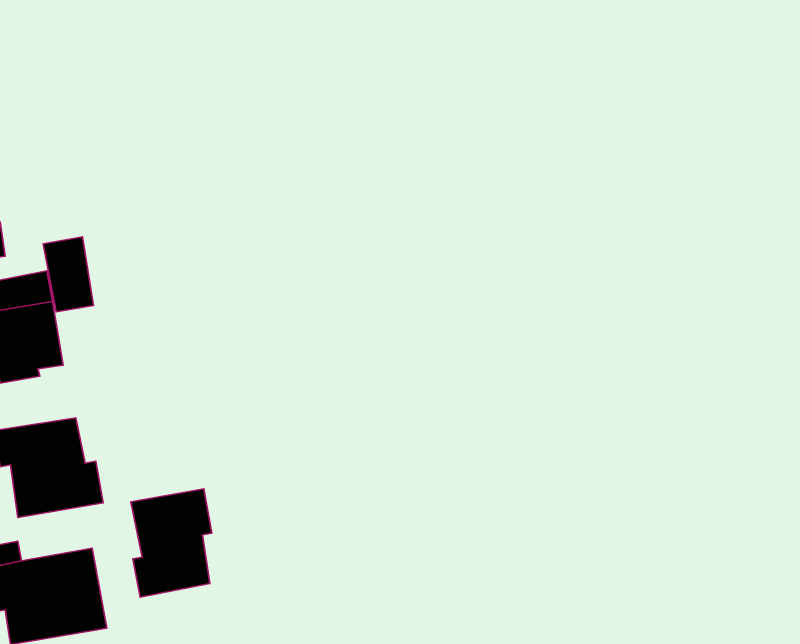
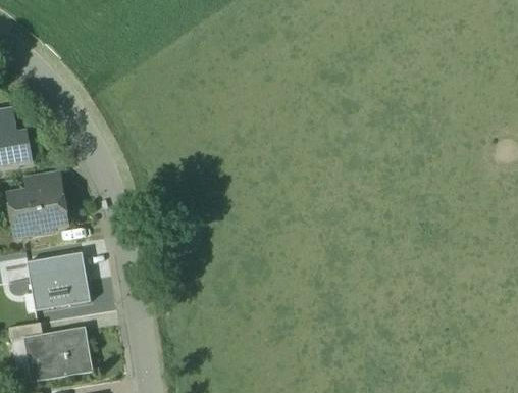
building: [43,237,94,312] -> none
building: [131,489,212,597] -> none

